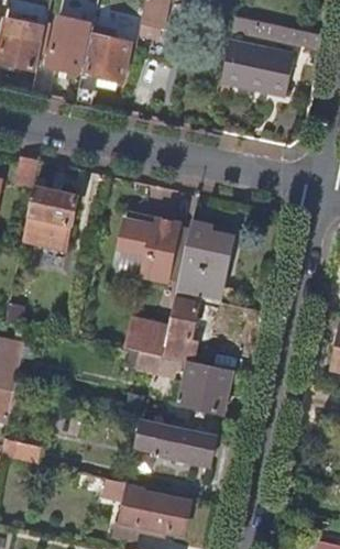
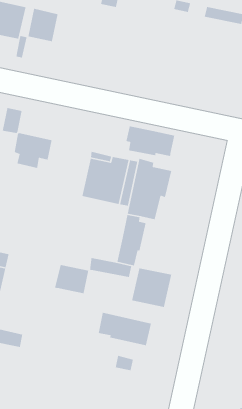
building: [76,25,130,105] -> none
building: [222,44,294,94] -> none
building: none -> [125,125,175,157]
building: [122,317,167,355] -> [54,264,89,294]
building: [102,480,191,535] -> none

